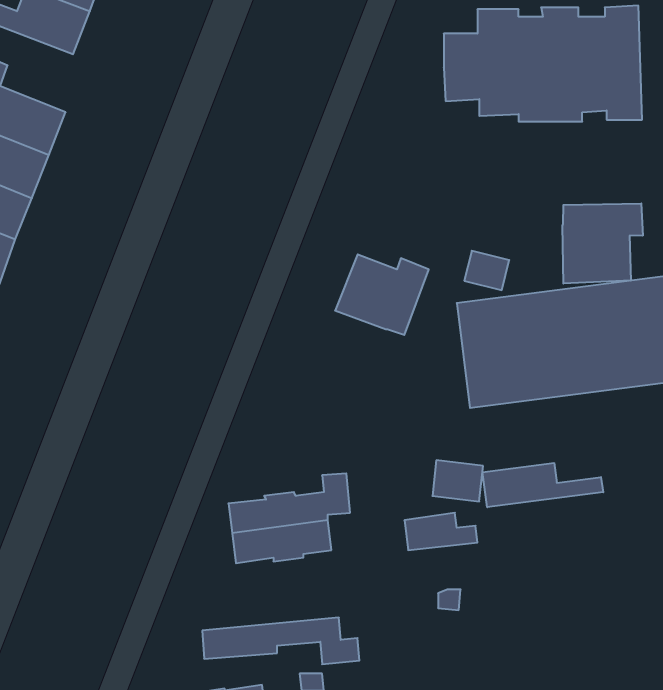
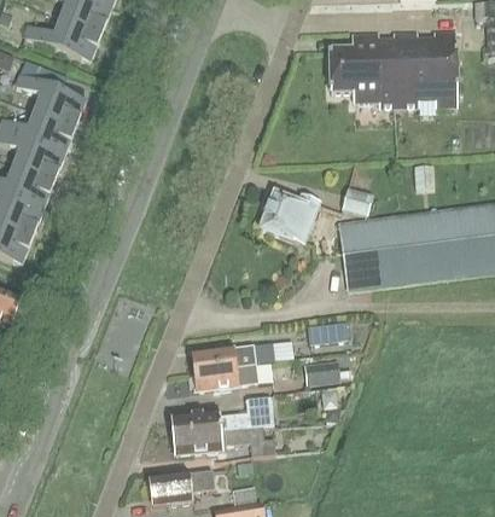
building: [562,203,643,284] -> none
building: [482,463,603,507] -> none
building: none -> [171,396,272,434]

